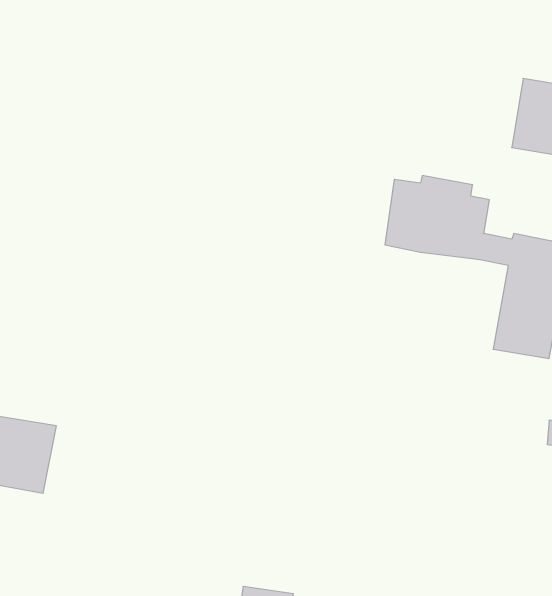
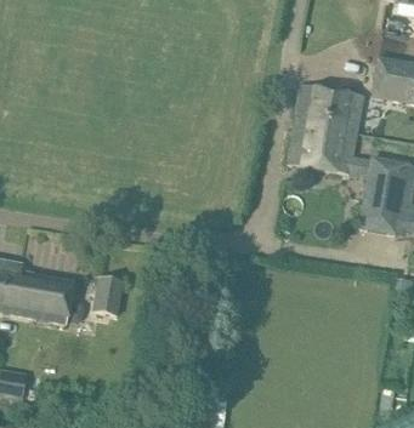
building: none -> [294,85,363,133]
building: none -> [92,278,123,316]

